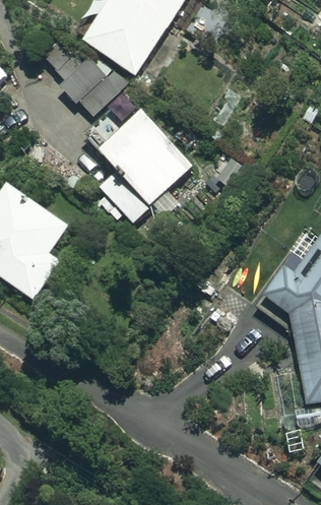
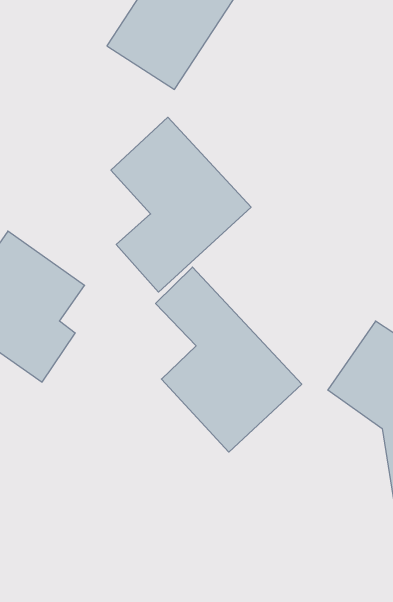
building: [61,57,120,116] -> none
building: none -> [156,267,302,452]

